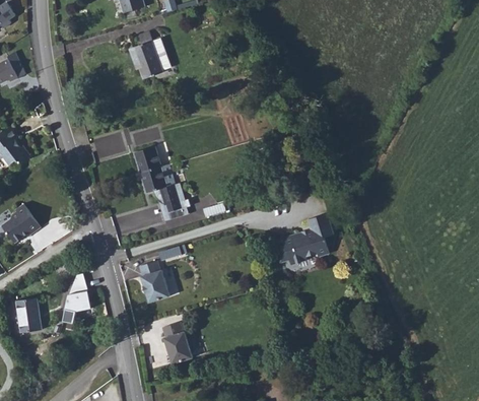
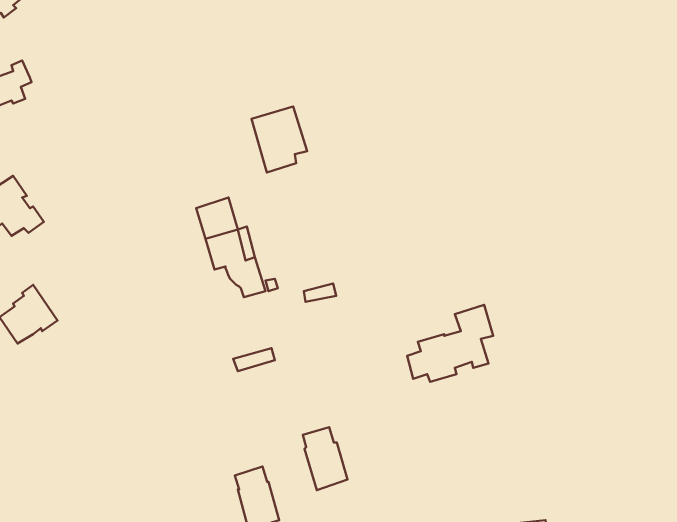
building: [133,34,169,77] -> [252,106,307,173]
building: [141,261,170,303] -> [303,427,348,490]
building: [63,273,93,322] -> none
building: [14,300,37,334] -> none

